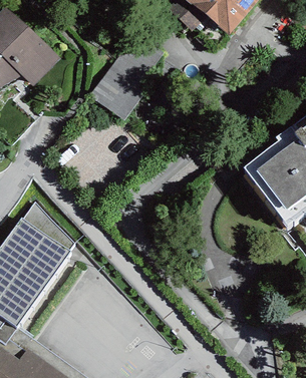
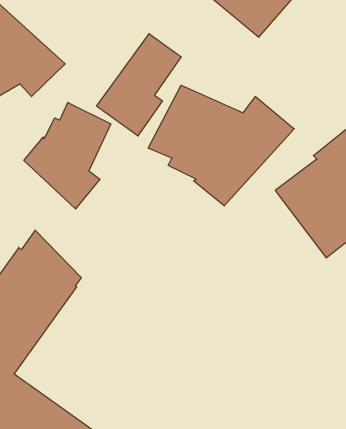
building: none -> [148,85,294,206]
building: none -> [24,102,111,209]

